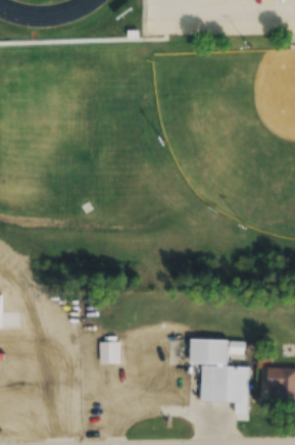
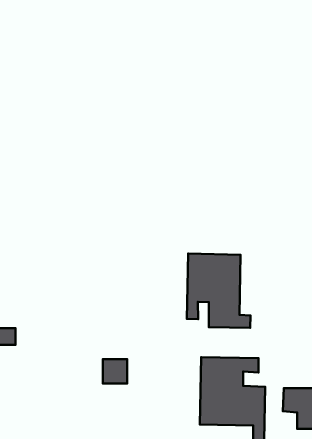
building: none -> [187,254,250,328]

